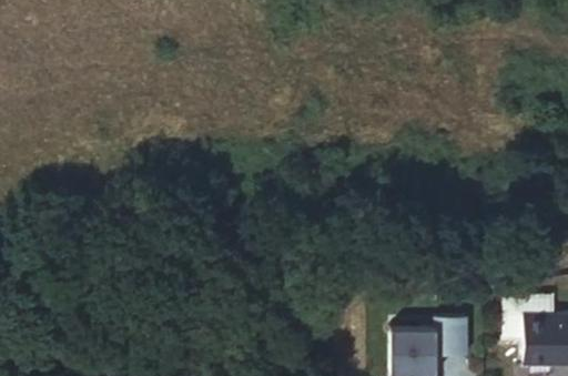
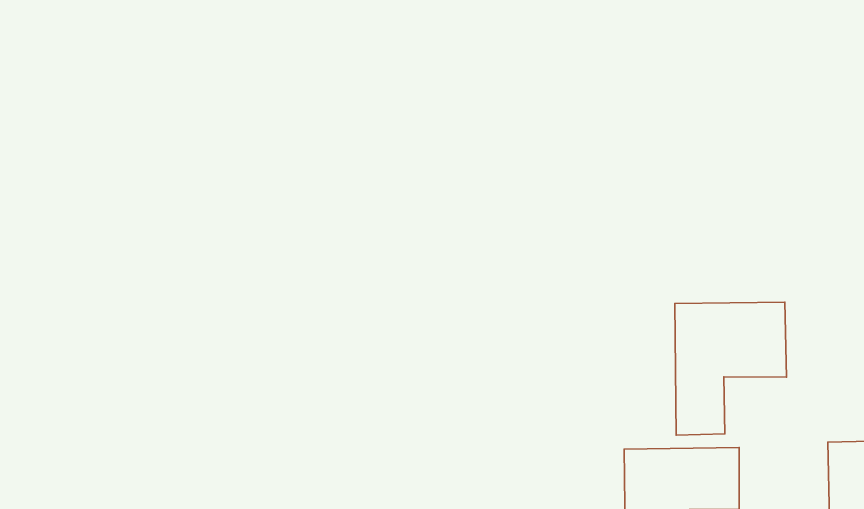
building: none -> [675,302,786,435]

